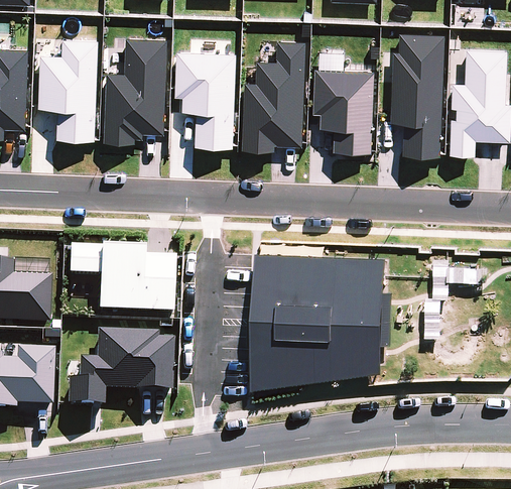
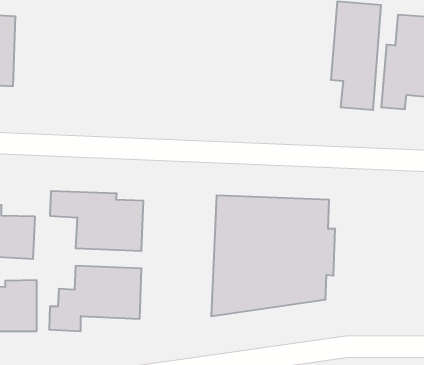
building: [37,37,167,140] -> none
building: [241,40,307,149] -> none
building: [174,50,236,146] -> none
building: [311,67,374,153] -> none

